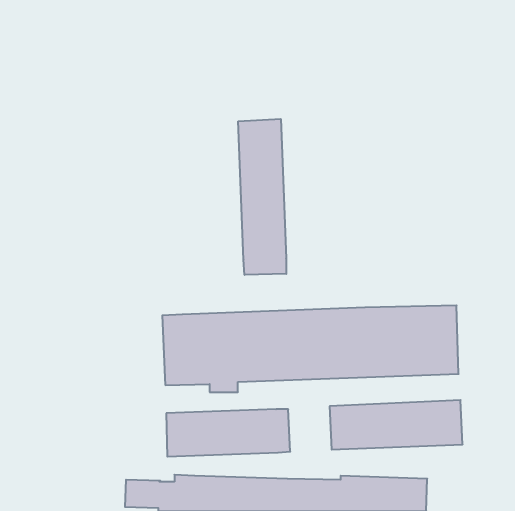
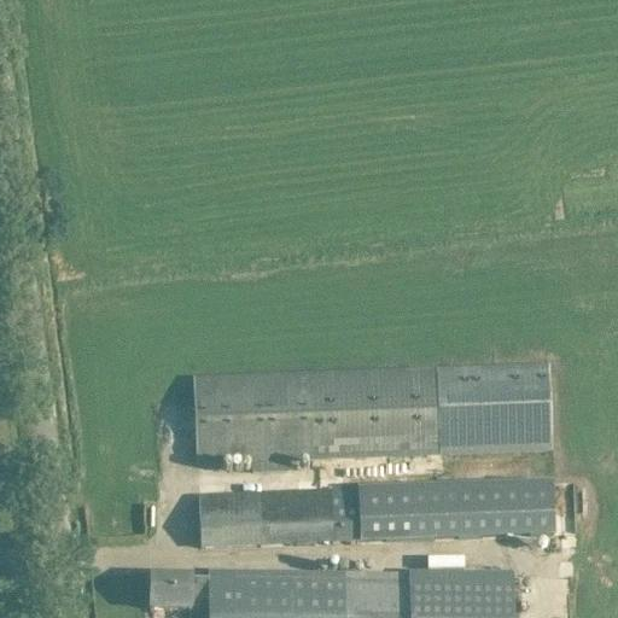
building: [238,119,286,275] -> none
building: none -> [345,486,397,541]

